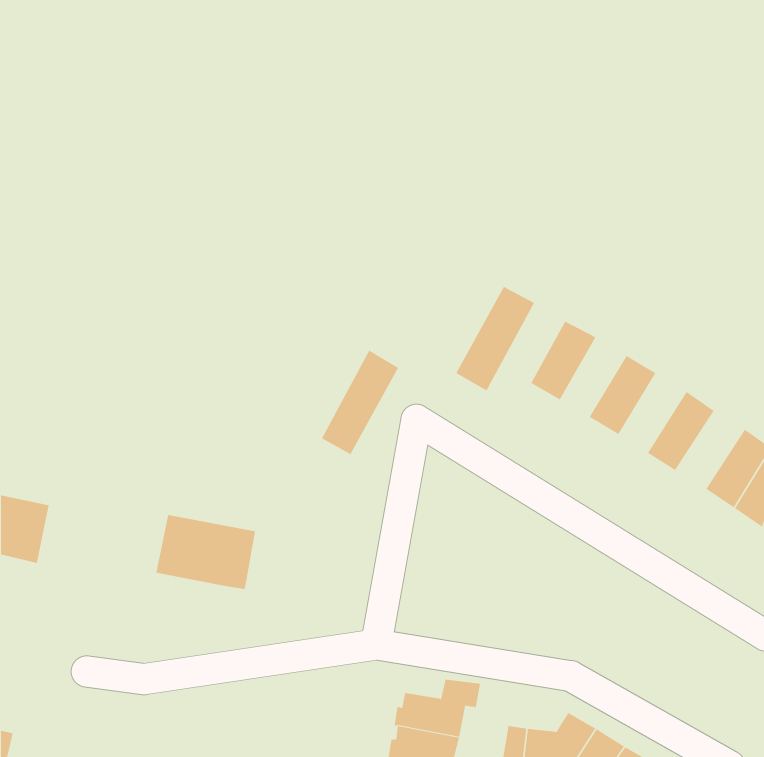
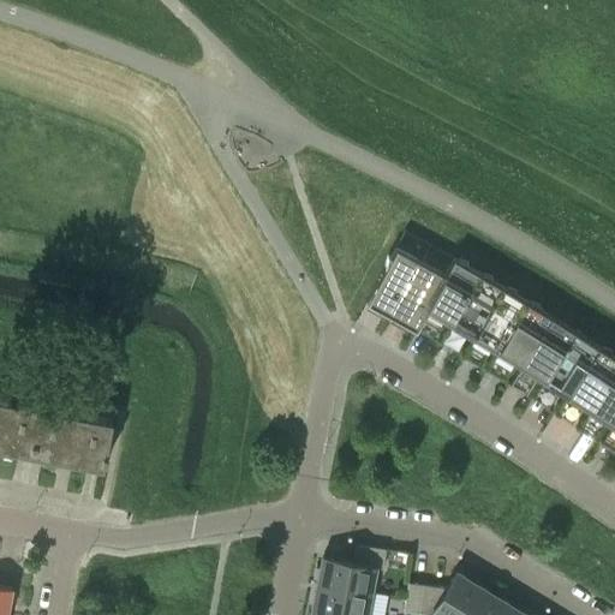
building: none -> [450,277,503,341]
building: [321,350,399,455] -> [392,250,454,334]
building: none -> [497,306,551,370]
building: none -> [543,336,598,399]
building: [156,515,256,589] -> [31,412,112,472]

